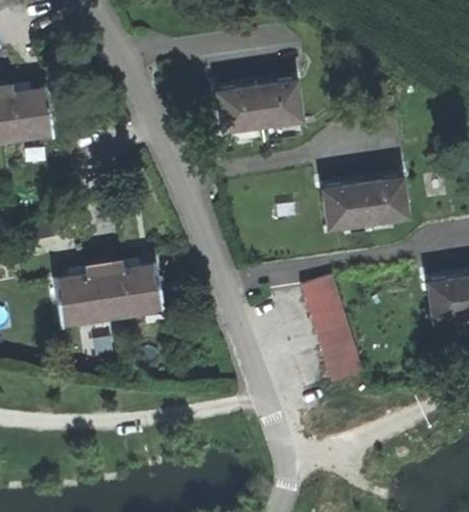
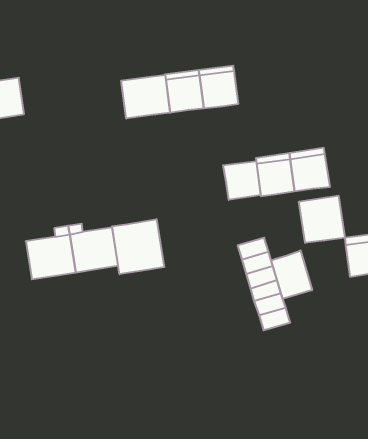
building: none -> [121,75,170,119]
building: none -> [223,161,261,200]
building: none -> [299,196,345,243]
building: none -> [112,219,164,274]
building: none -> [271,250,312,299]

